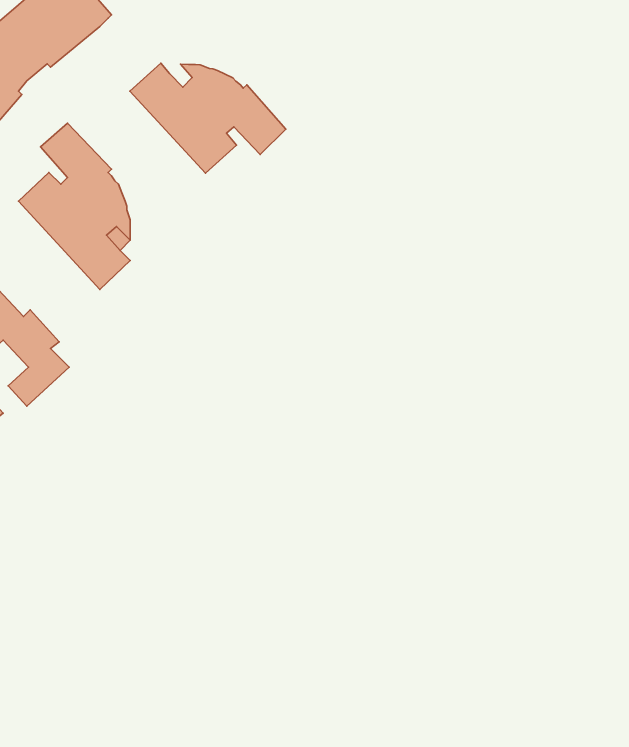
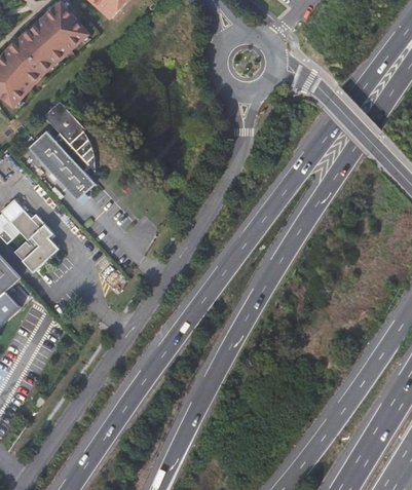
building: [130,63,286,173] -> none

